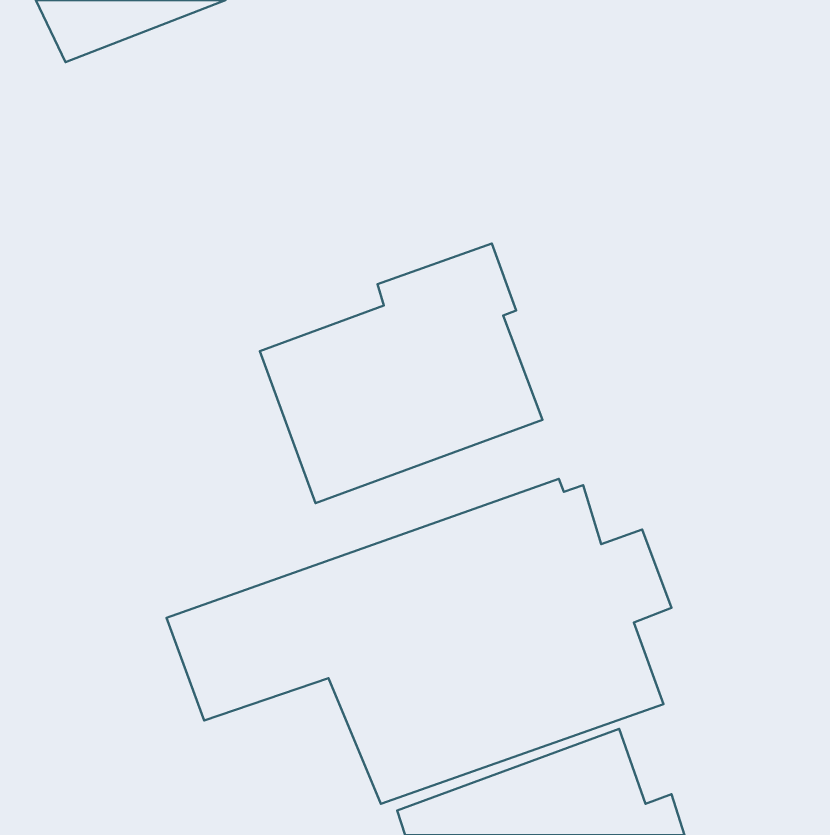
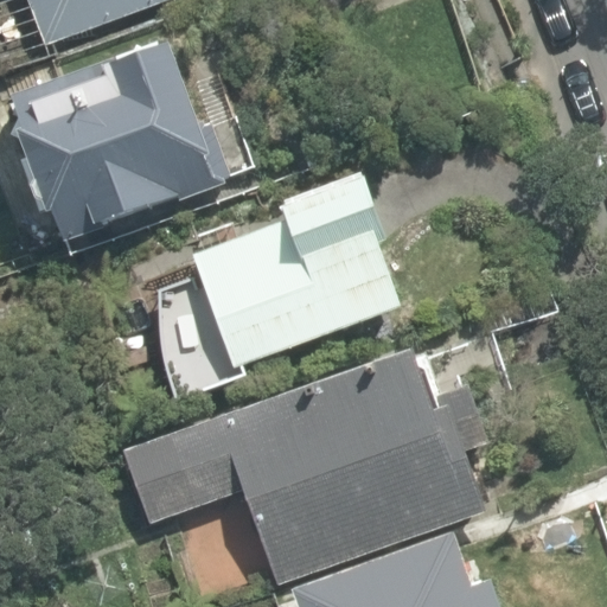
building: none -> [9,43,230,239]

